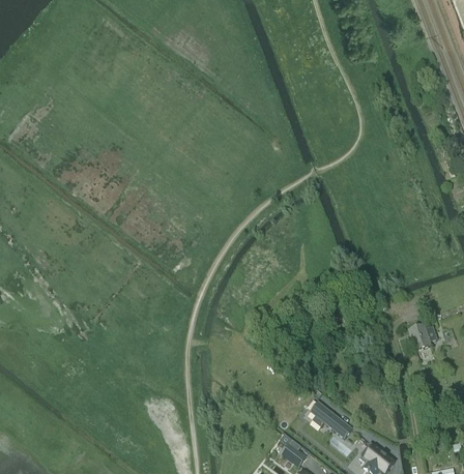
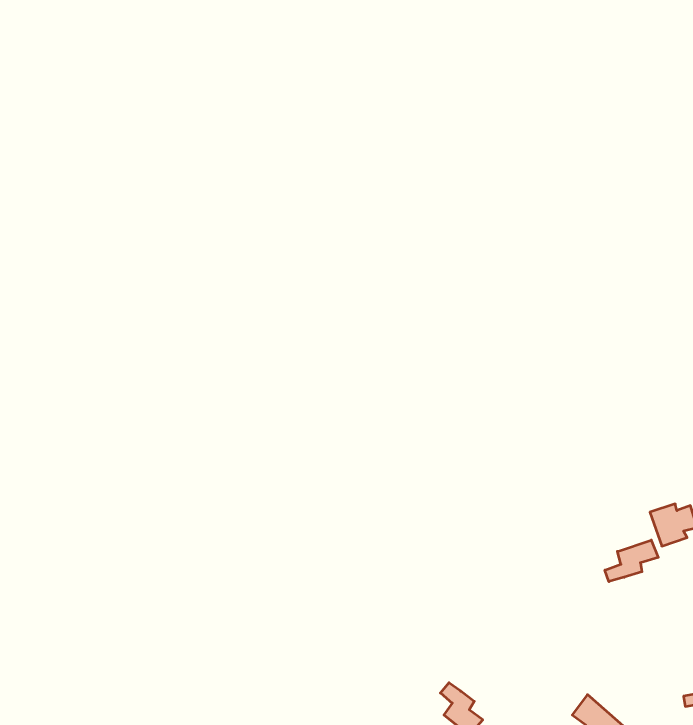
building: none -> [605,540,658,582]
building: [310,402,351,438] -> none

